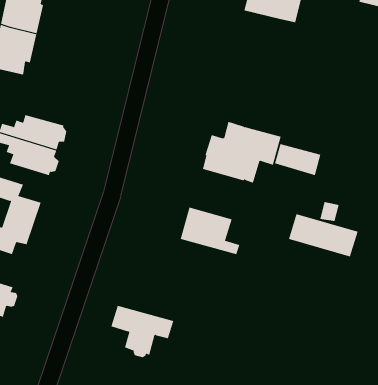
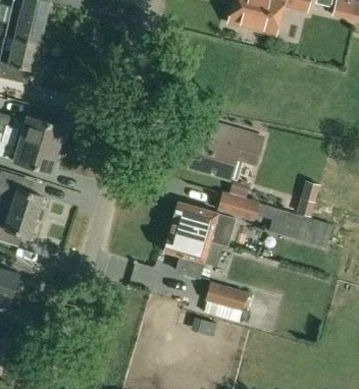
building: [274,143,321,176] -> [216,191,259,221]
building: none -> [204,281,247,312]
building: [111,305,174,358] -> [163,231,221,279]

